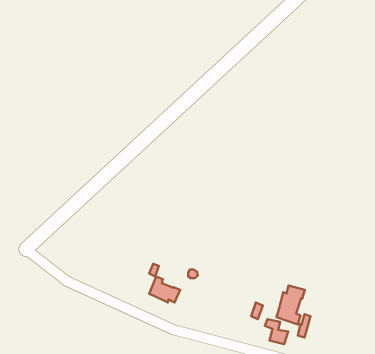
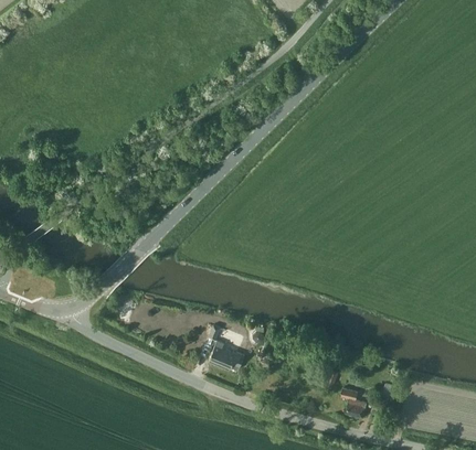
building: [276,285,305,325] -> none

